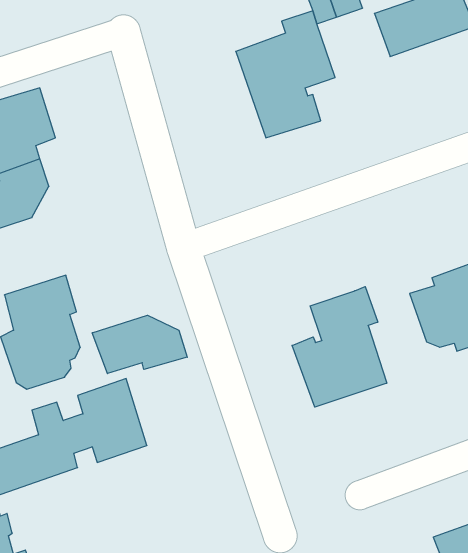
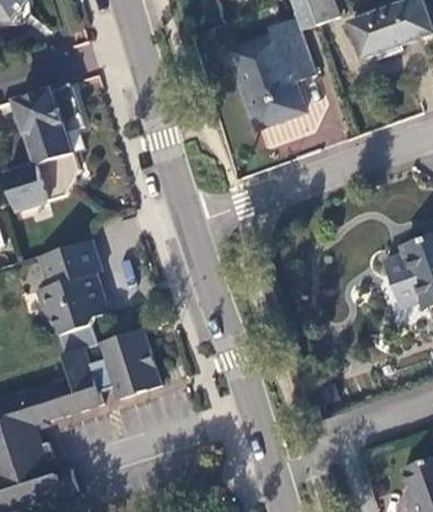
building: [292,287,387,407] -> none
building: [92,315,187,374] -> none

